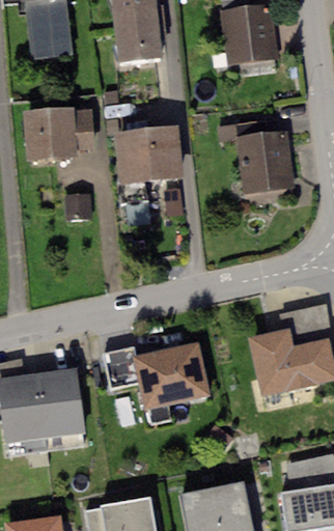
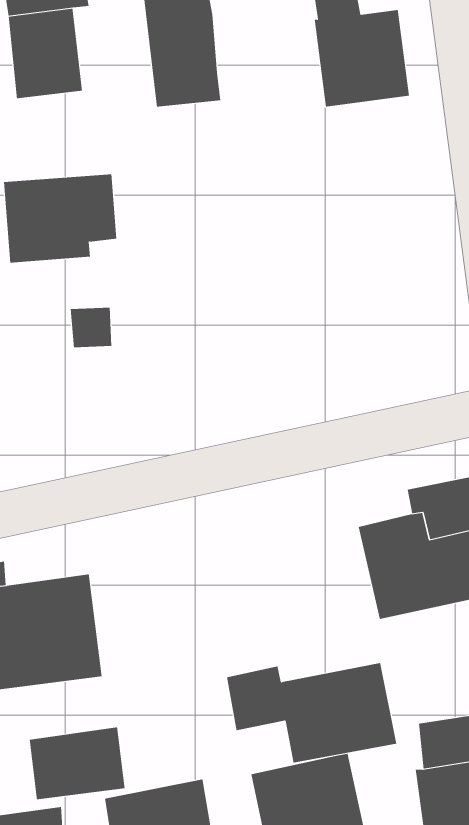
building: [217,122,295,195] -> none
building: [114,132,184,209] -> none
building: [100,342,208,407] -> [226,662,397,763]
building: none -> [29,726,125,800]

